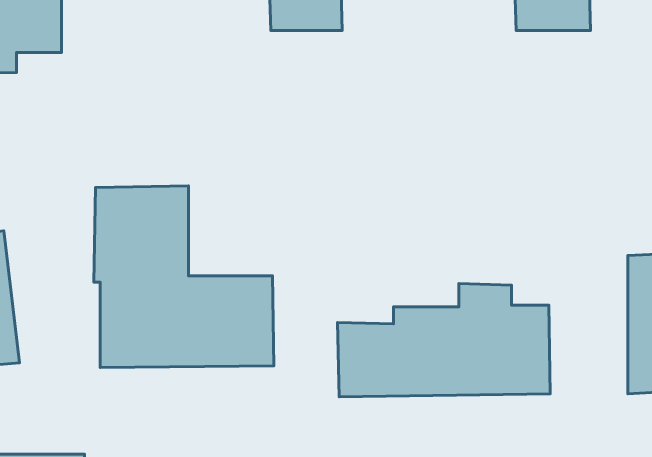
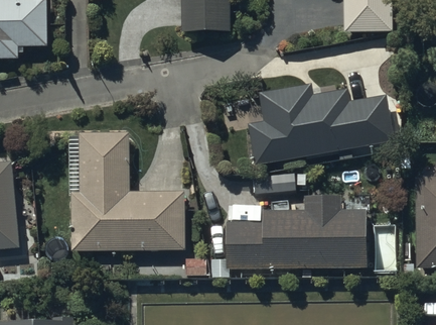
building: none -> [249,84,393,166]

